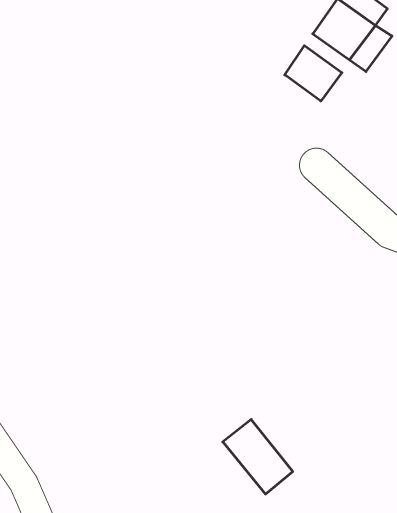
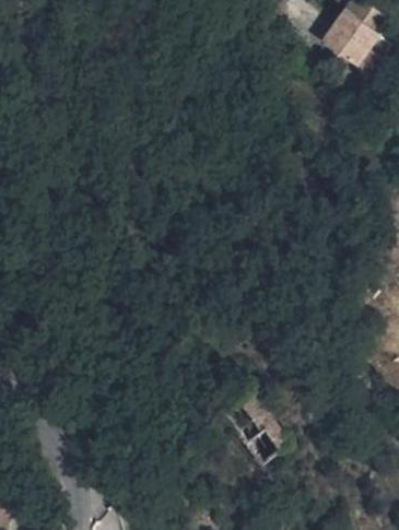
building: [285,46,342,101] -> none

